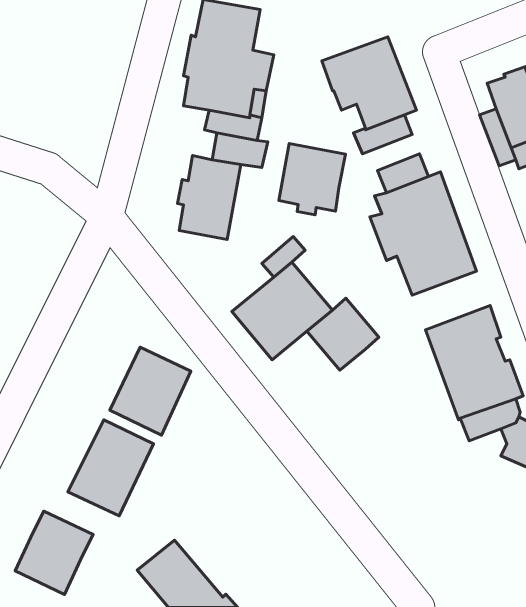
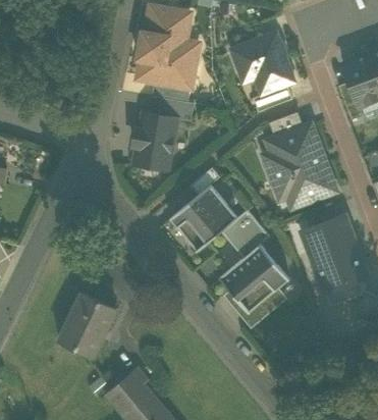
building: [279,144,346,215] -> none
building: [110,347,191,435] -> none
building: none -> [219,244,289,323]
building: [15,511,93,595] -> none

